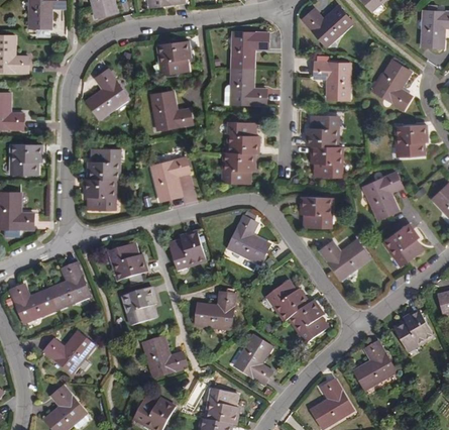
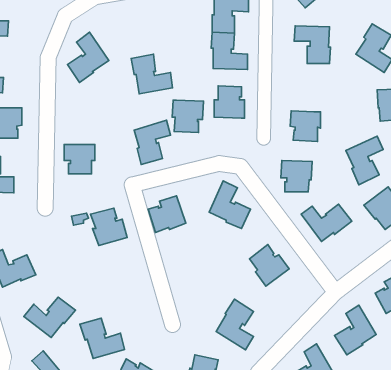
building: [157,40,190,74] -> none
building: [304,114,334,147] -> none
building: [89,147,118,180] -> none
building: [229,152,260,185] -> [172,100,204,132]
building: [46,262,89,310] -> none
building: [121,287,156,324] -> none
building: [194,292,233,328] -> none
building: [289,301,328,341] -> none
building: [141,336,186,377] -> [80,318,125,358]

